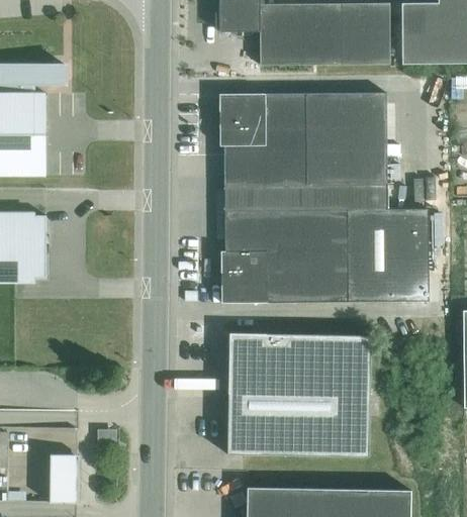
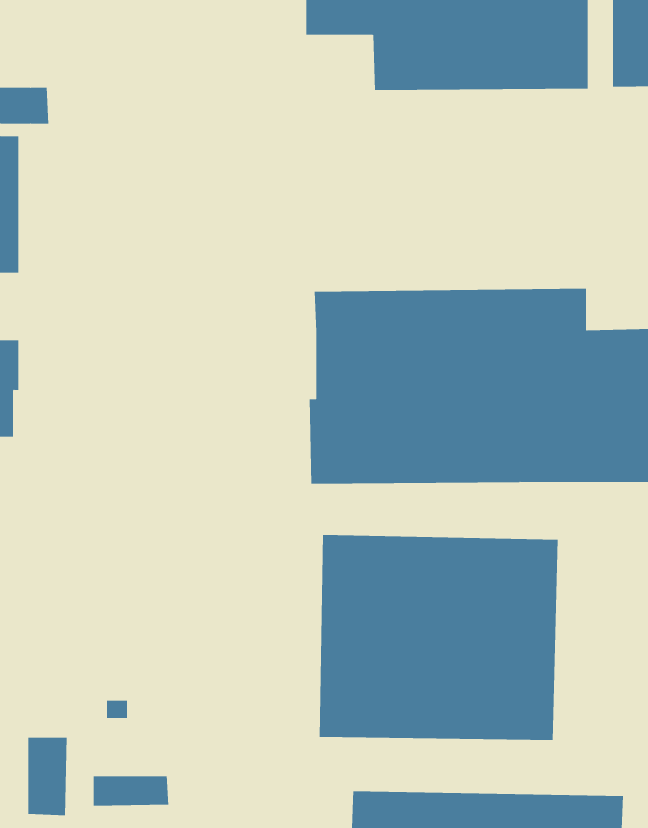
building: [219,92,388,186] -> none
building: none -> [93,775,169,807]

